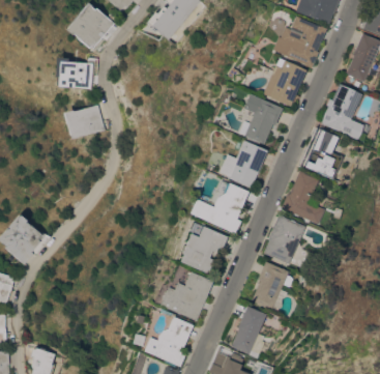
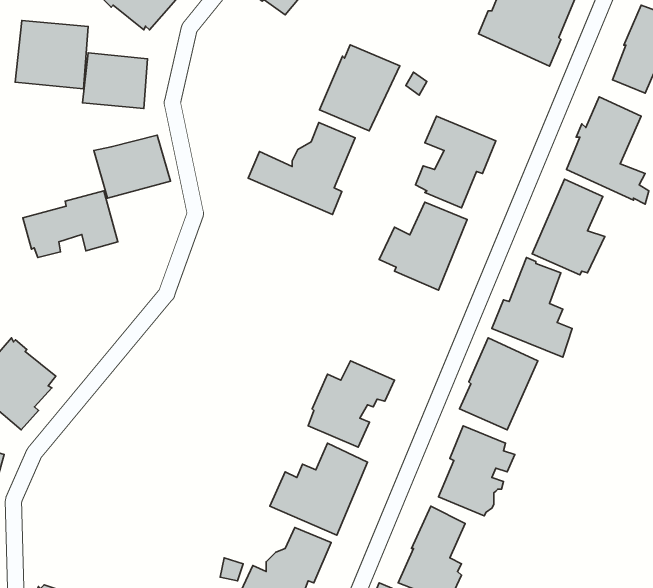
building: none -> [15,20,88,89]
building: [262,59,305,106] -> [320,45,400,131]
building: none -> [23,191,118,258]
building: [189,183,247,233] -> [248,123,355,214]

